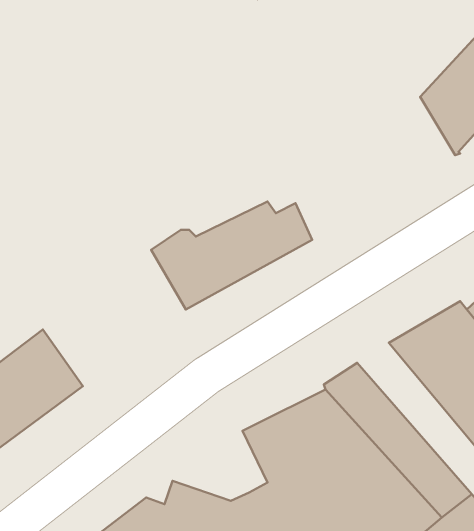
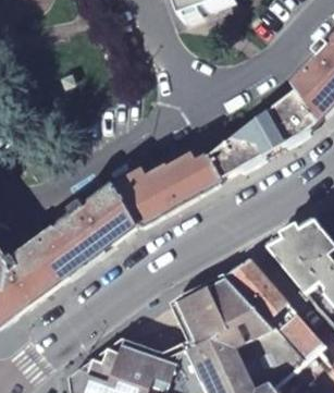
building: none -> [207,93,311,180]
building: none -> [41,186,135,275]

